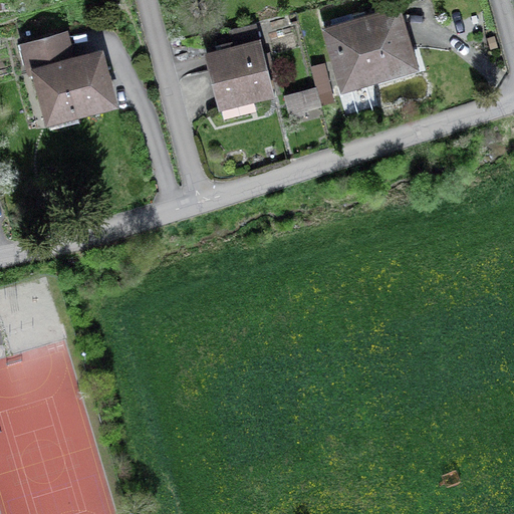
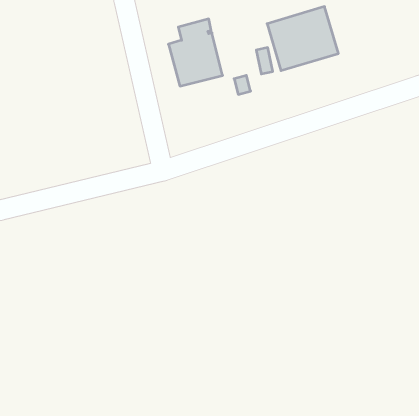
building: [24,39,113,122] -> none

